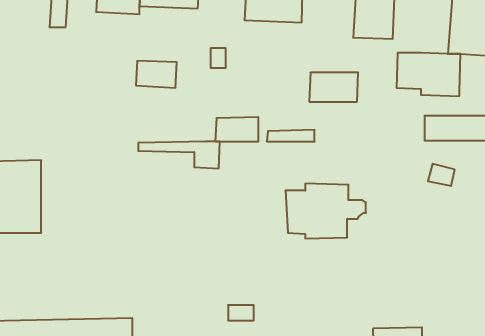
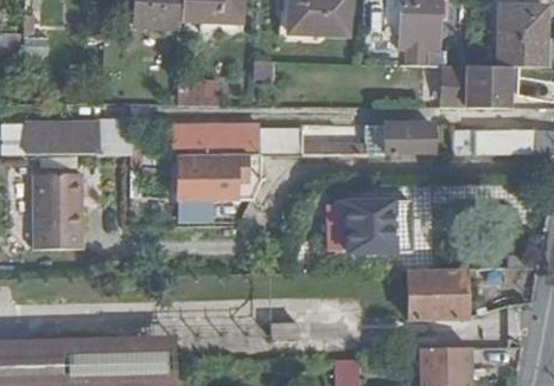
building: [309,73,358,102] -> [383,126,433,155]
building: none -> [45,127,96,154]
building: none -> [172,129,249,157]
building: none -> [180,166,237,199]
building: none -> [407,268,479,316]

